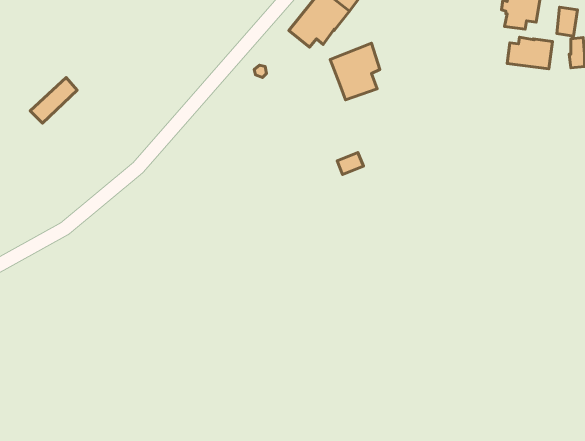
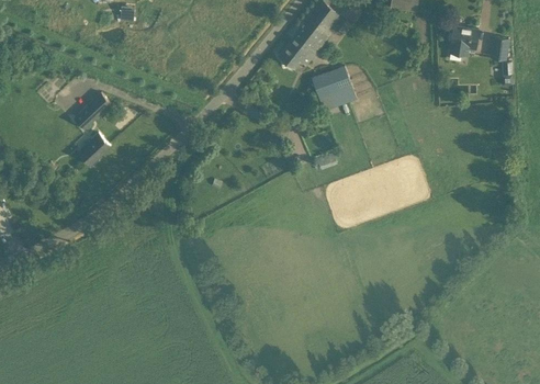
building: [507,37,553,69] -> none
building: none -> [76,133,109,165]

